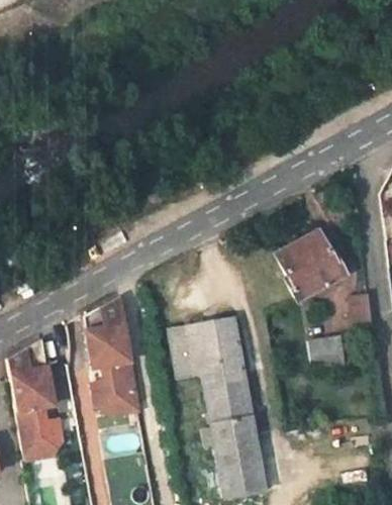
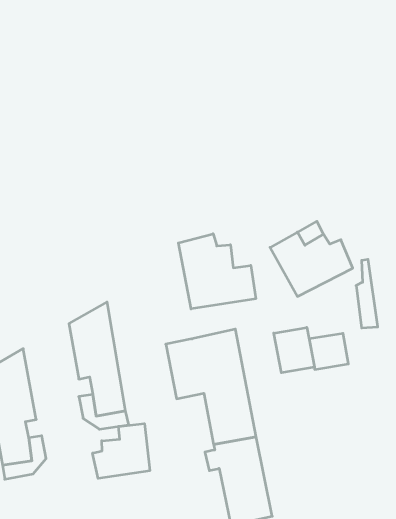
building: none -> [178,234,256,309]
building: none -> [274,327,314,373]
building: none -> [93,424,150,478]

